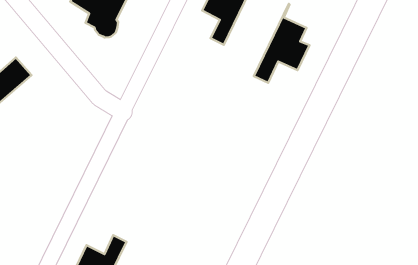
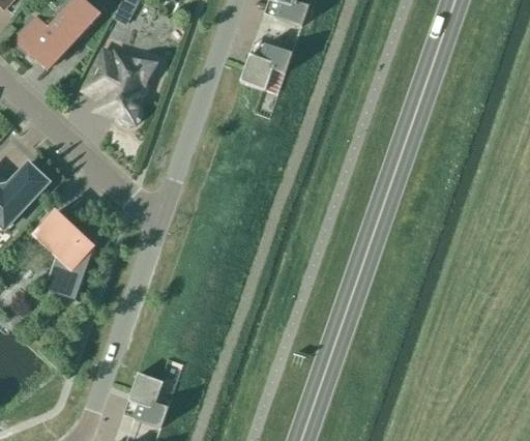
building: [254,4,309,83] -> none
building: none -> [33,209,102,299]

